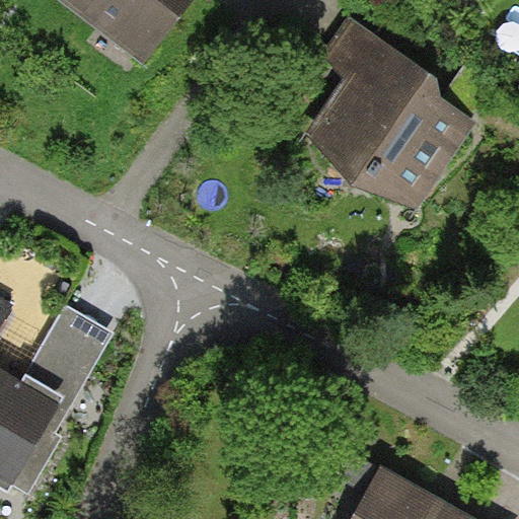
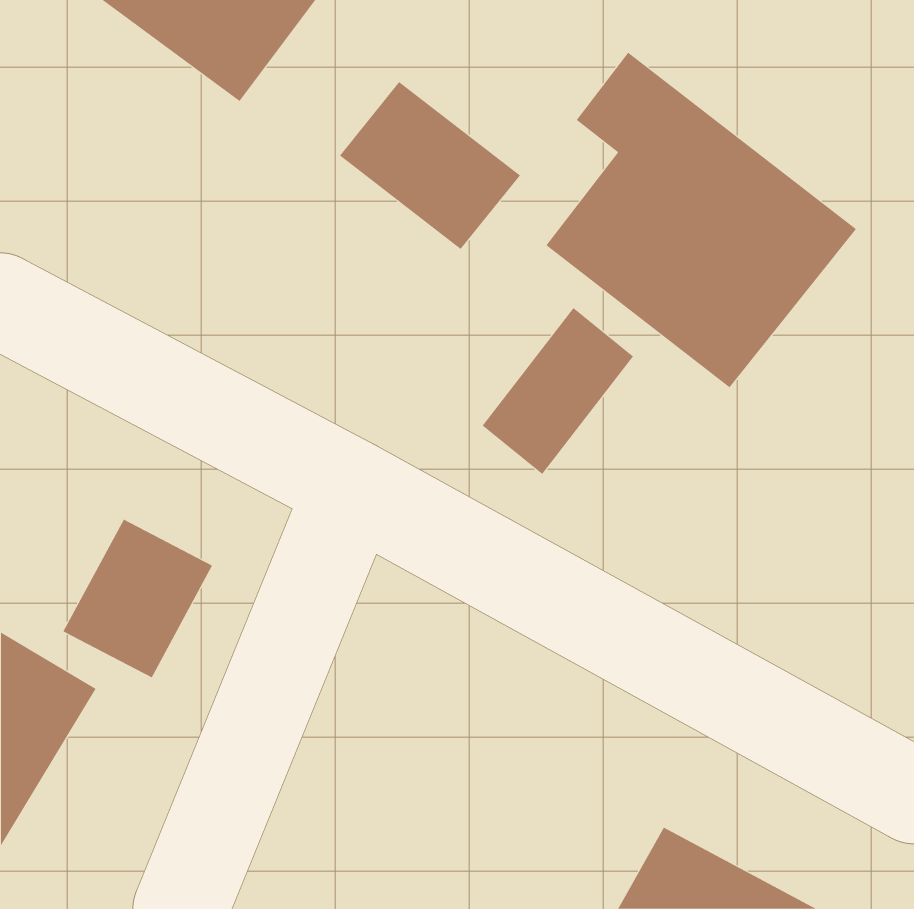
building: none -> [339,81,521,250]
building: none -> [482,307,634,475]

